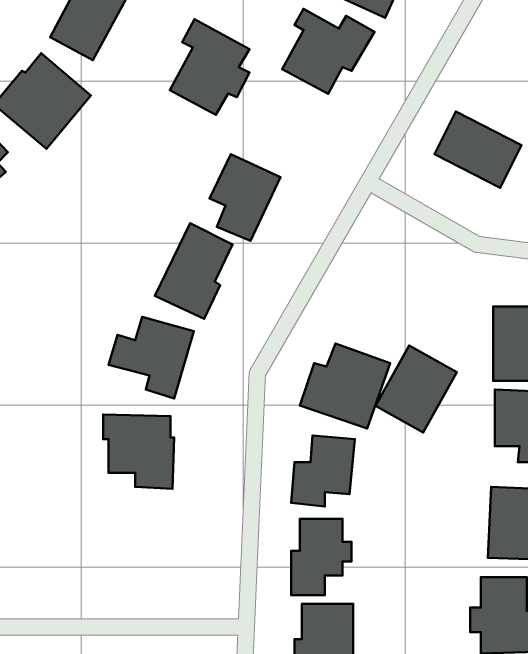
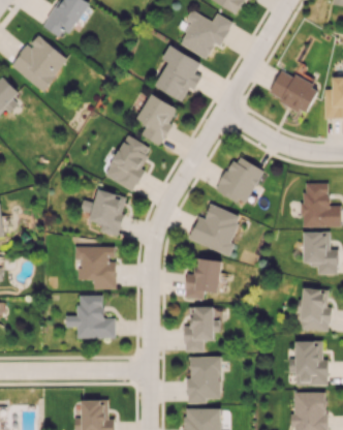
building: [170,19,249,115] -> [154,45,200,101]
building: [375,346,457,432] -> [216,155,263,206]
building: none -> [65,295,115,338]

